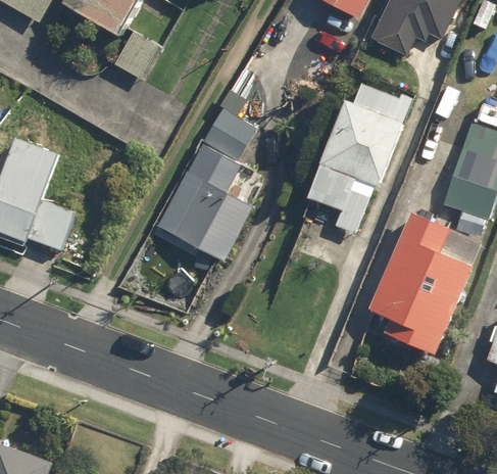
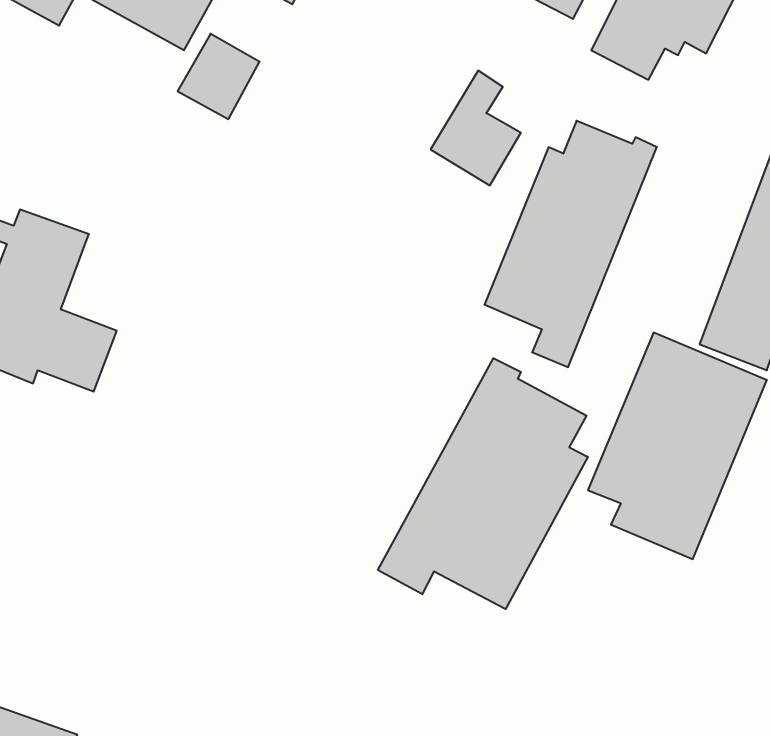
building: [202,89,258,160] -> [431,71,521,185]
building: [156,170,253,260] -> none
building: none -> [378,358,588,609]

